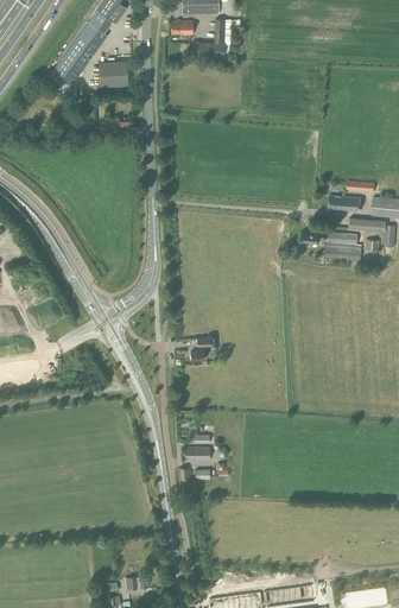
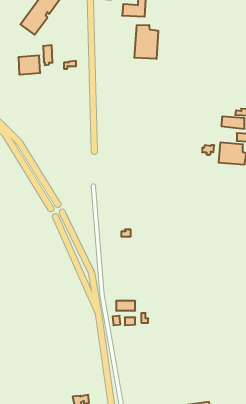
building: [99,59,128,86] -> [18,56,40,75]
building: none -> [134,25,158,59]

